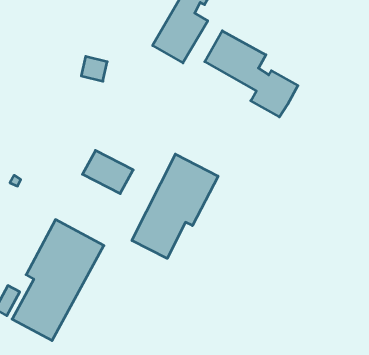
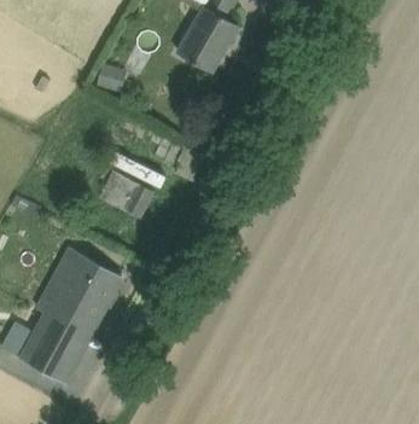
building: [205,31,298,117] -> none
building: [132,154,218,258] -> none

